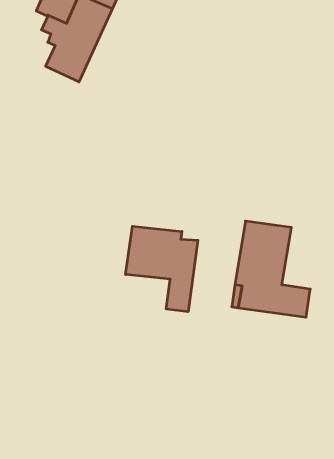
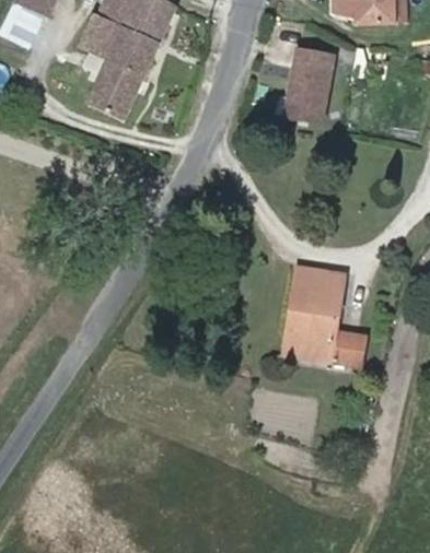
building: none -> [283,49,327,119]
building: [126,226,198,312] -> none

